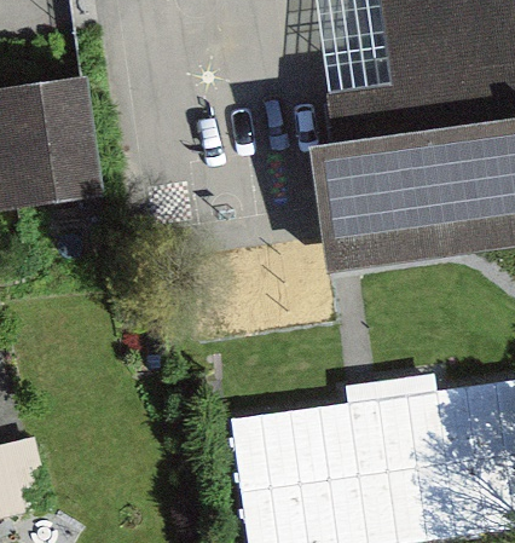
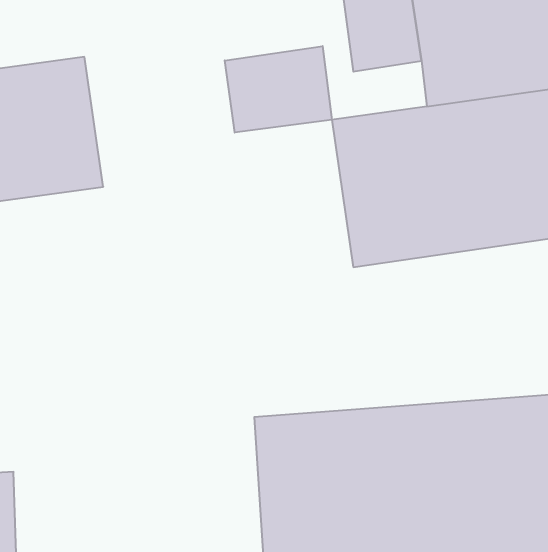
building: none -> [225,46,332,133]

